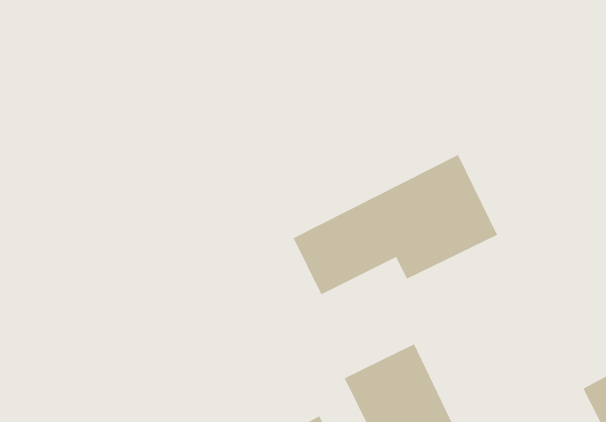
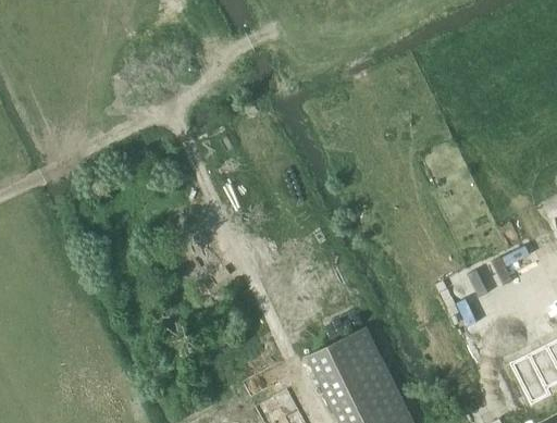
building: [293,154,498,295] -> none

